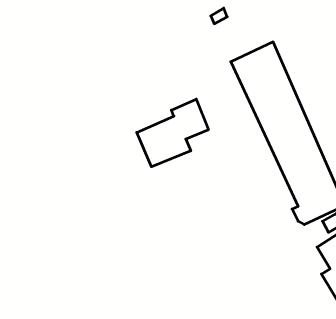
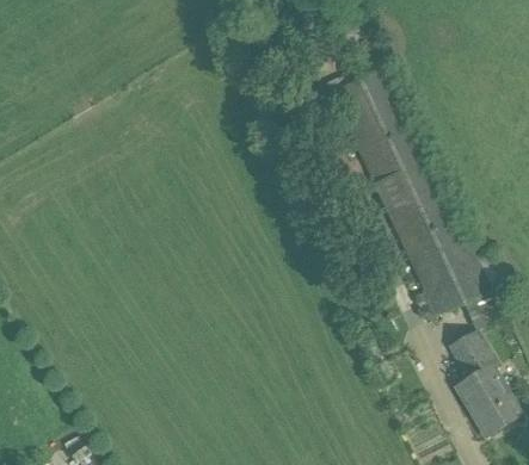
building: [137,99,208,167] -> none

